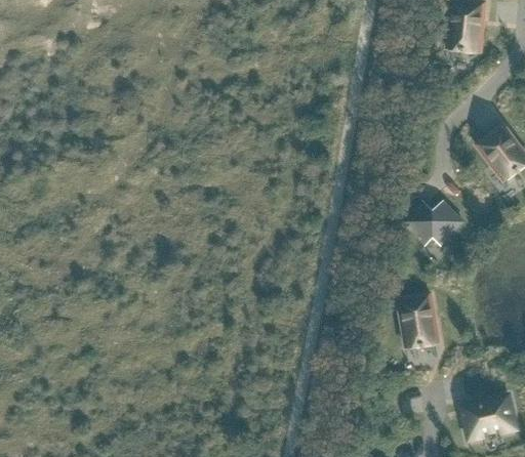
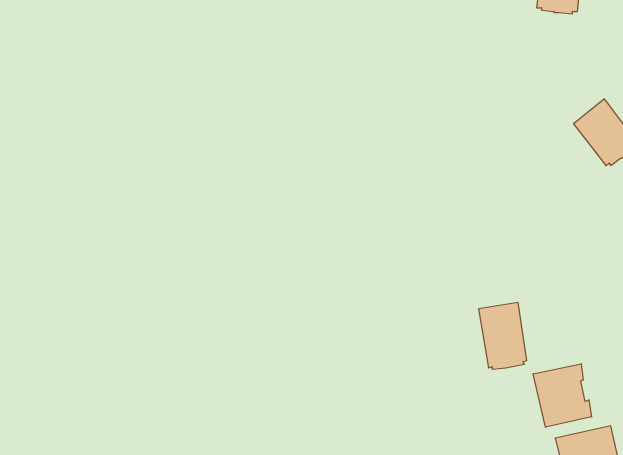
building: [404,202,466,247] -> none
building: none -> [533,364,592,427]

